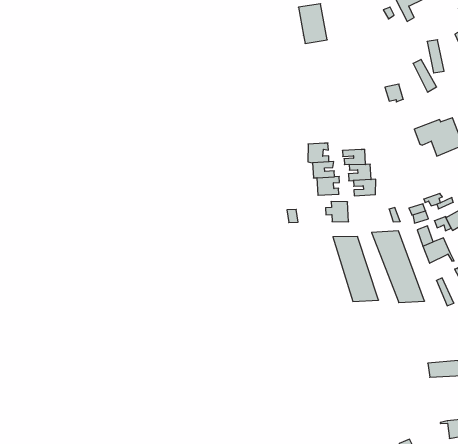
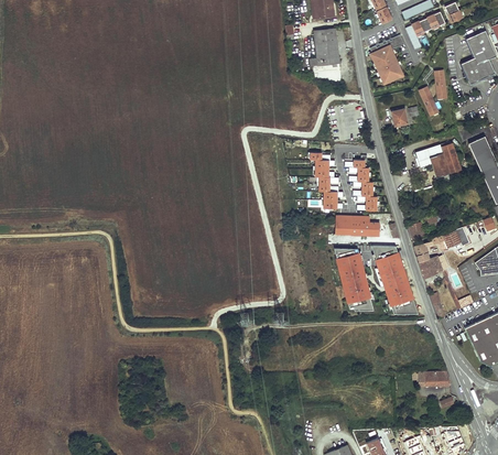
building: none -> [369,44,404,86]
building: none -> [350,214,379,235]

